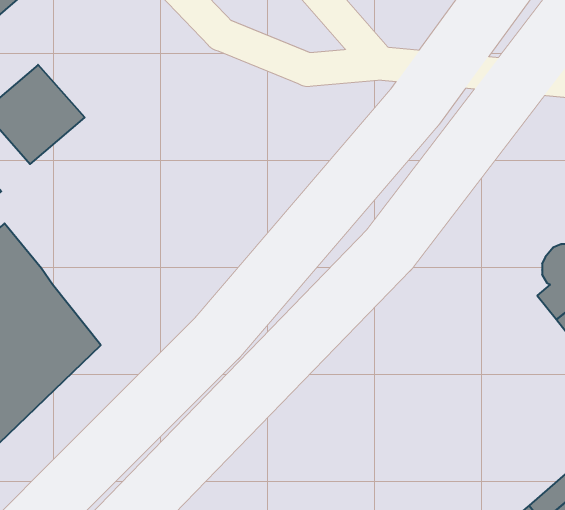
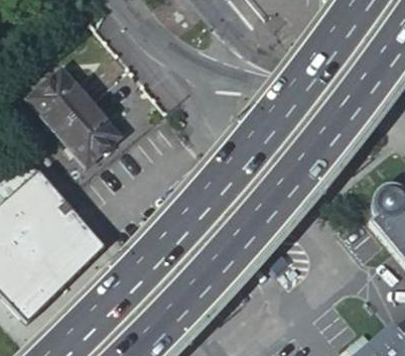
building: none -> [56,103,119,164]

